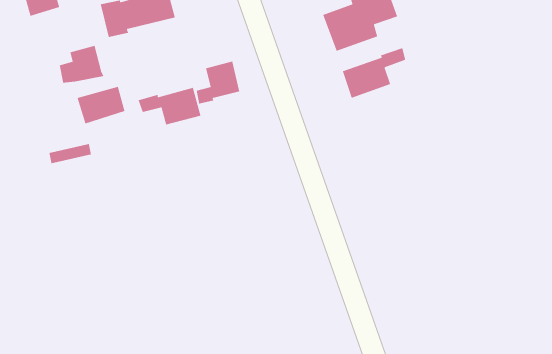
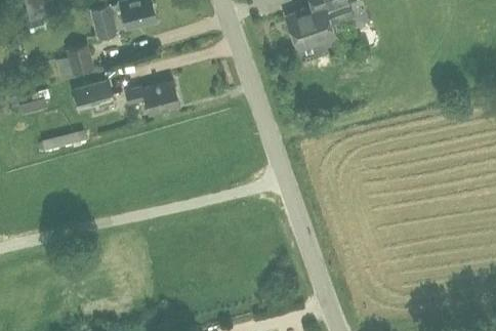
building: [342,47,406,99] -> none
building: [196,61,240,104] -> none

